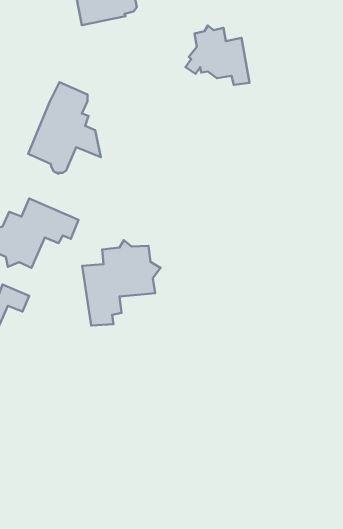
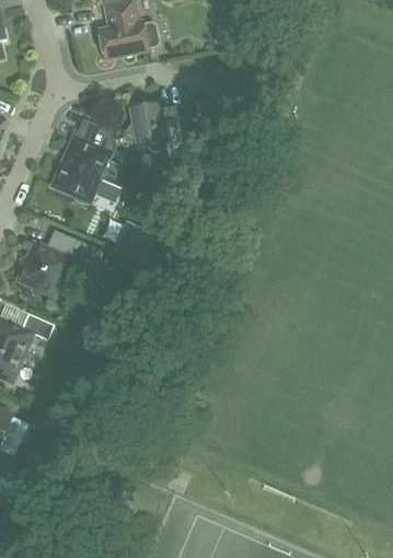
building: [186,26,249,85] -> [122,100,184,158]
building: [82,240,161,326] -> none

